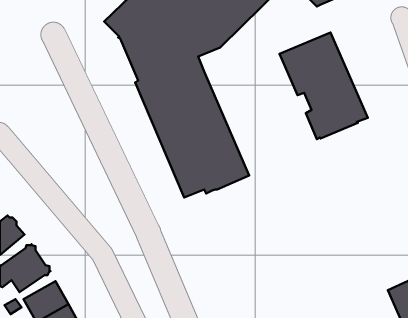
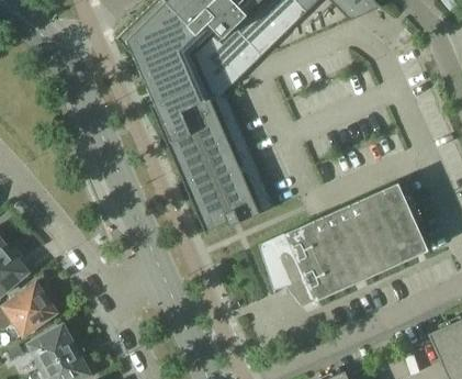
building: [279,33,368,139] -> none
building: none -> [259,183,429,308]

